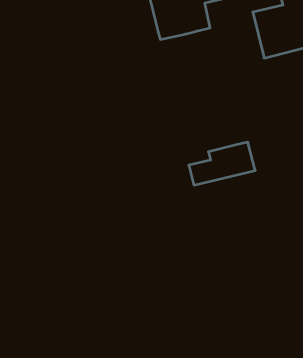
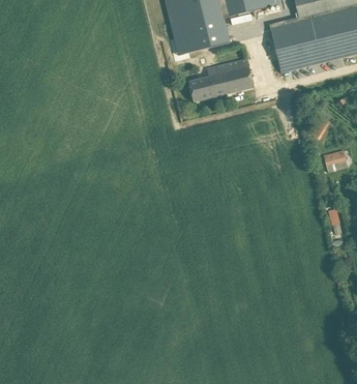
building: [189,142,255,185] -> [189,58,256,100]

